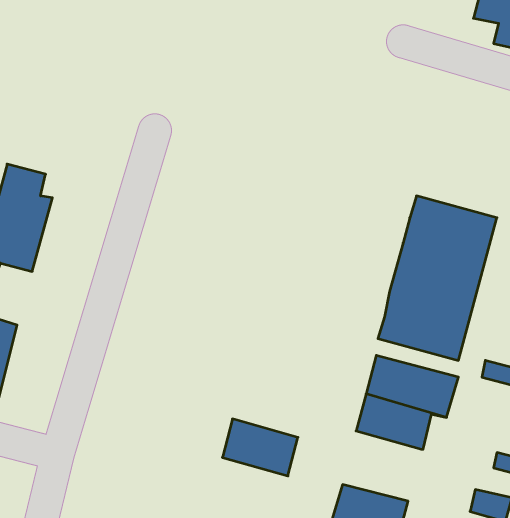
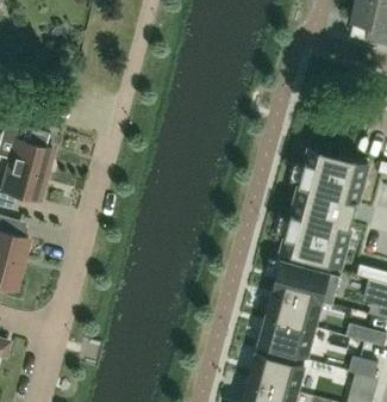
building: [222,419,298,476] -> [260,315,313,355]

